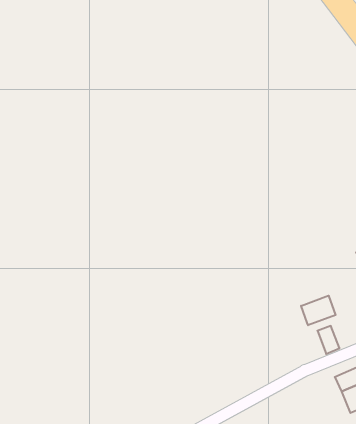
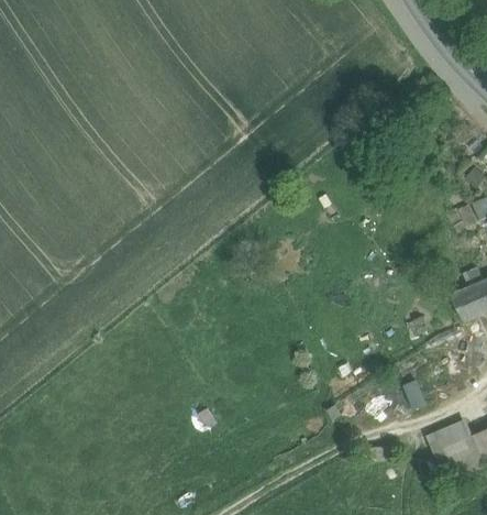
building: [301,296,336,325] -> none

